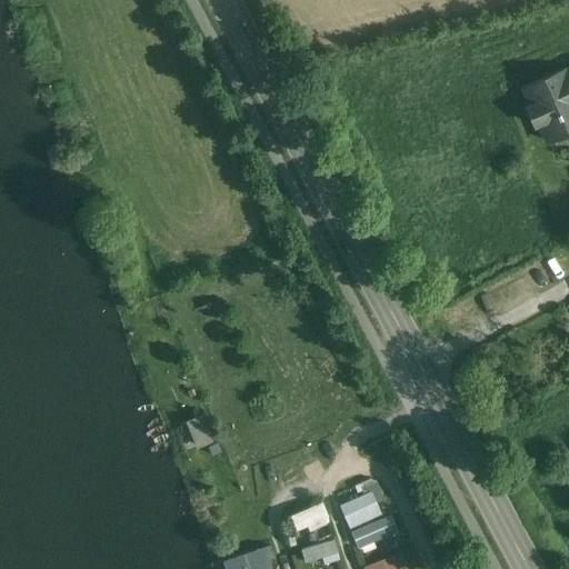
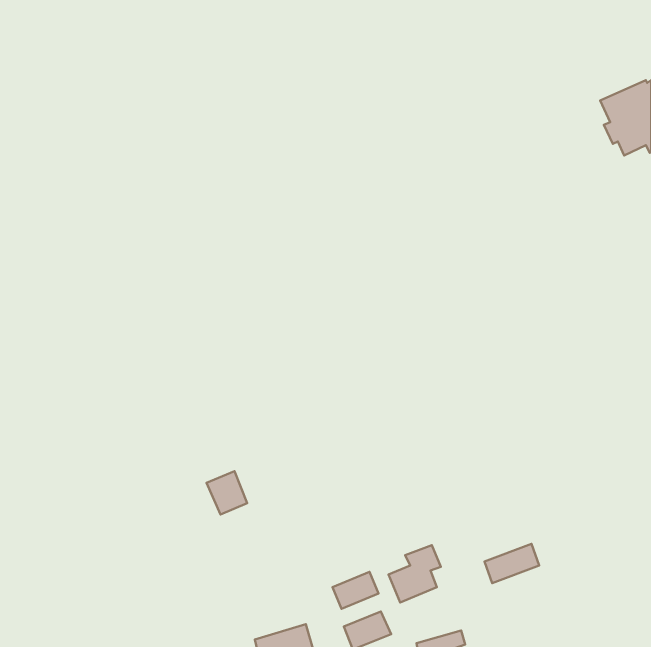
building: [350,515,398,549] -> [484,544,539,583]

